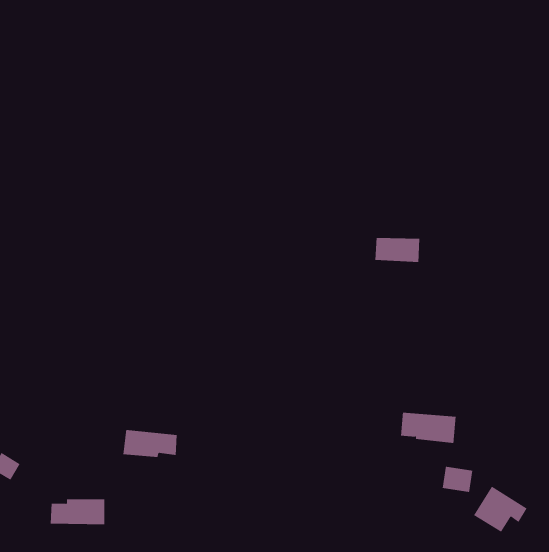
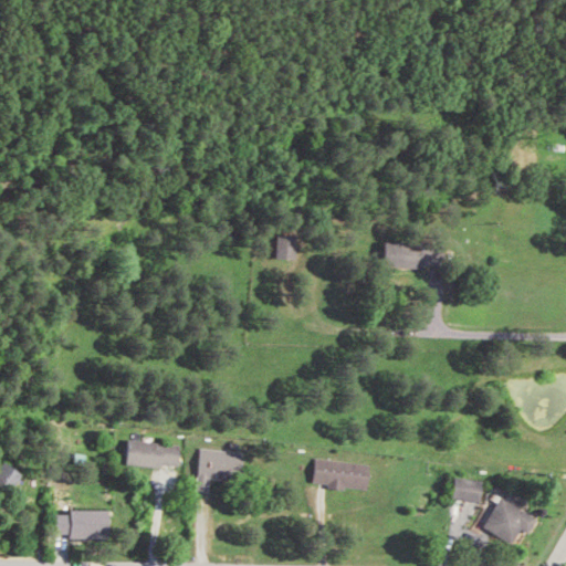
building: none -> [277,237,296,260]
building: [400,412,456,444] -> [313,460,370,492]
building: none -> [198,451,247,492]

